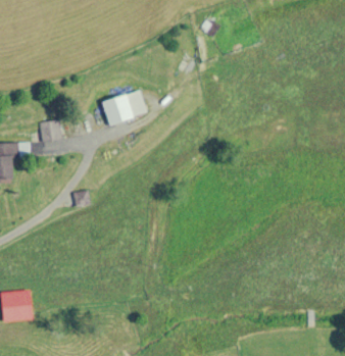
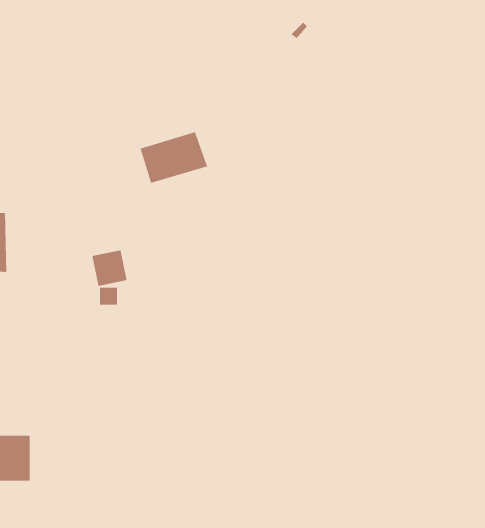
building: [38,119,61,144] -> [92,249,127,287]

